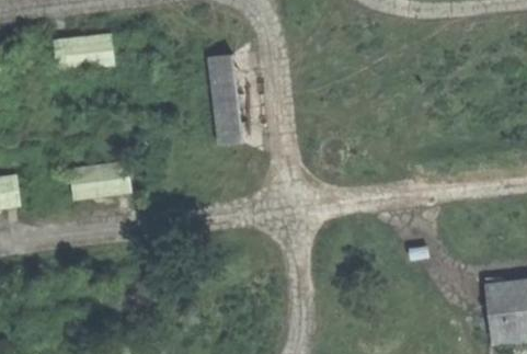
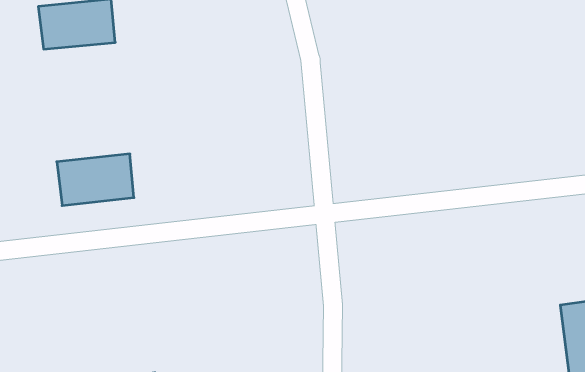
building: [206,55,242,147] -> none

